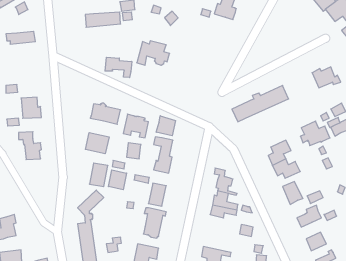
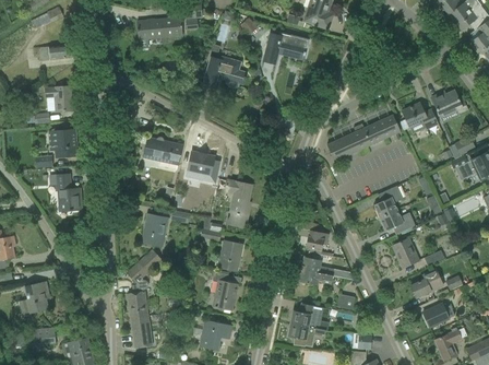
building: none -> [264,33,309,63]
building: [105,57,132,78] -> none
building: none -> [47,86,74,111]
building: [156,116,176,136] -> none
building: [300,121,330,146] -> [401,102,439,133]
building: [85,133,109,154] -> none
building: [108,170,127,190] -> none
building: none -> [290,302,321,329]

